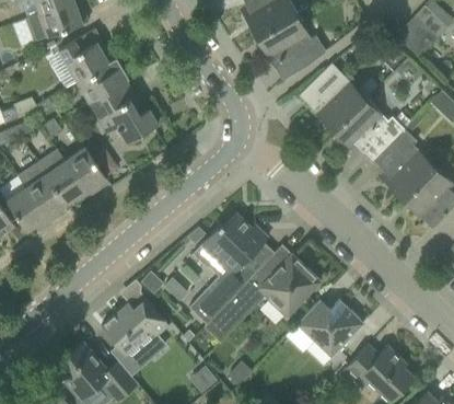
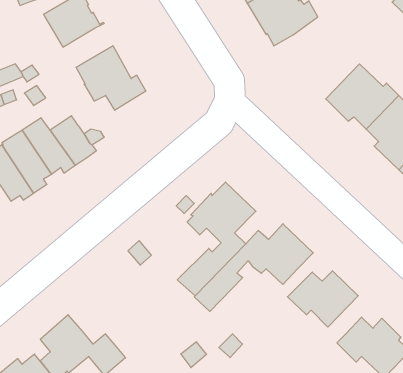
building: [77,58,129,102] -> none
building: [299,62,379,131] -> none
building: [101,298,168,376] -> none

